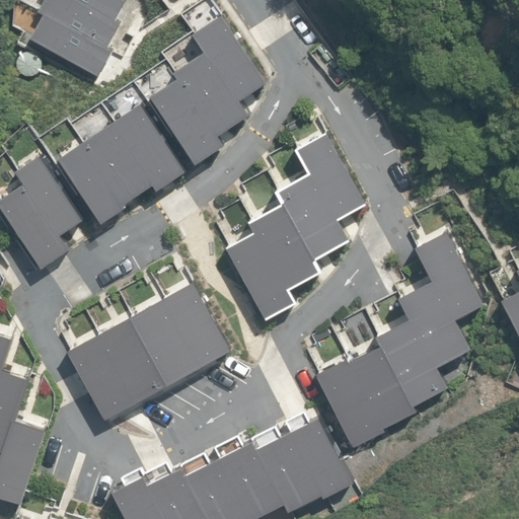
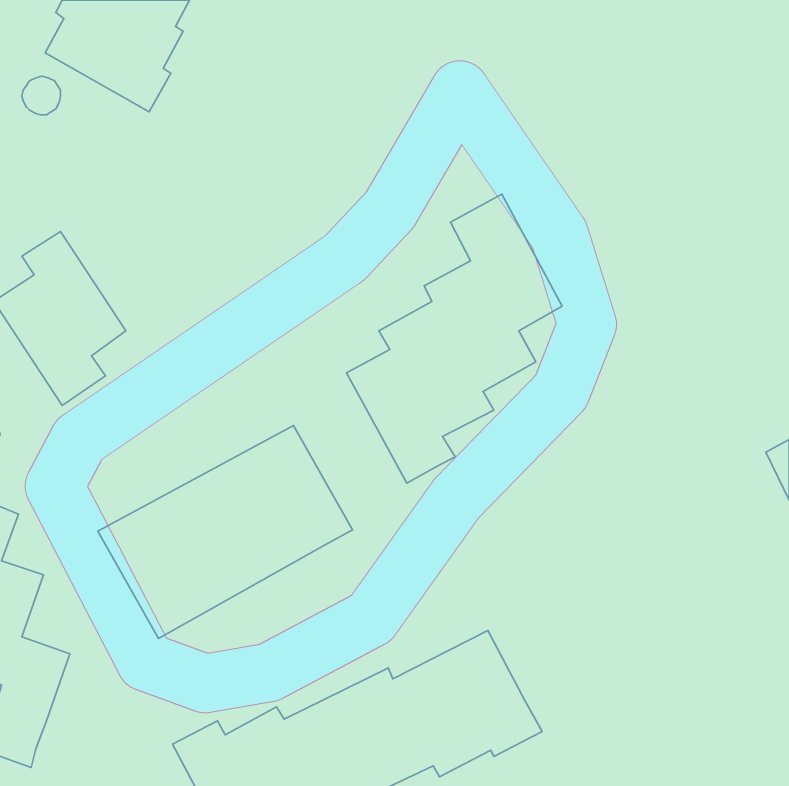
building: [149,17,266,166] -> none
building: [56,104,183,226] -> none
building: [316,232,484,447] -> none

